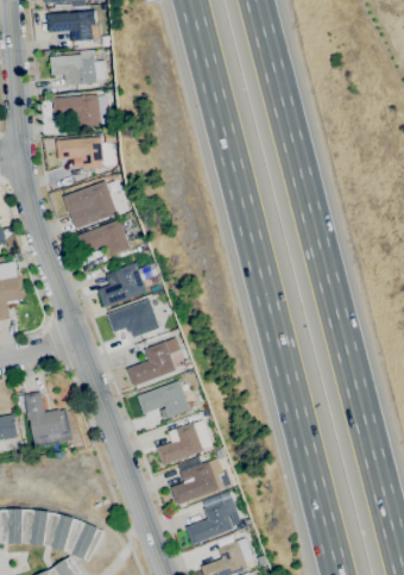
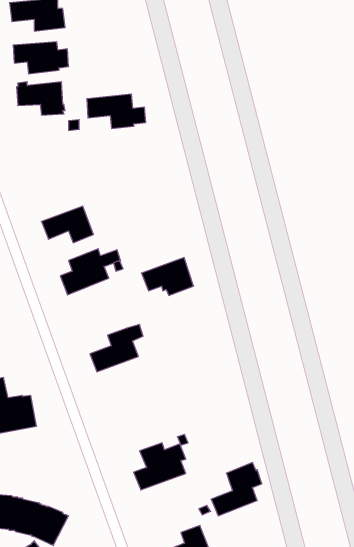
building: [57,136,116,170] -> [87,94,146,129]
building: [64,181,118,229] -> none
building: [107,299,159,337] -> [141,258,194,295]
building: [137,380,190,418] -> none
building: [157,419,210,465] -> none
building: [187,490,238,544] -> [211,463,262,516]

